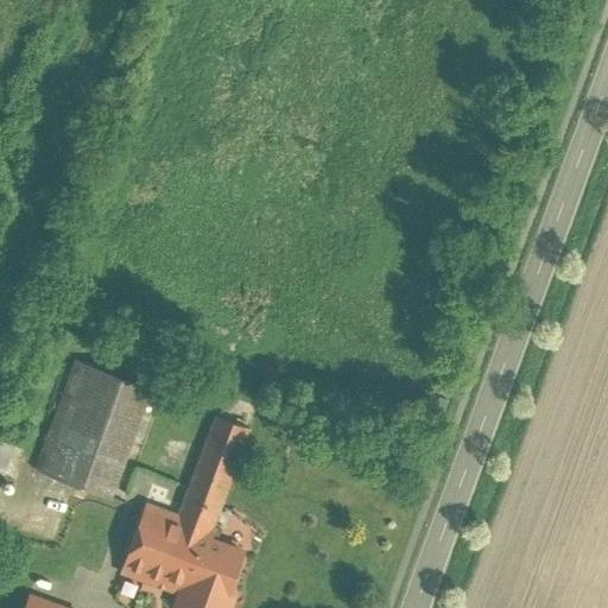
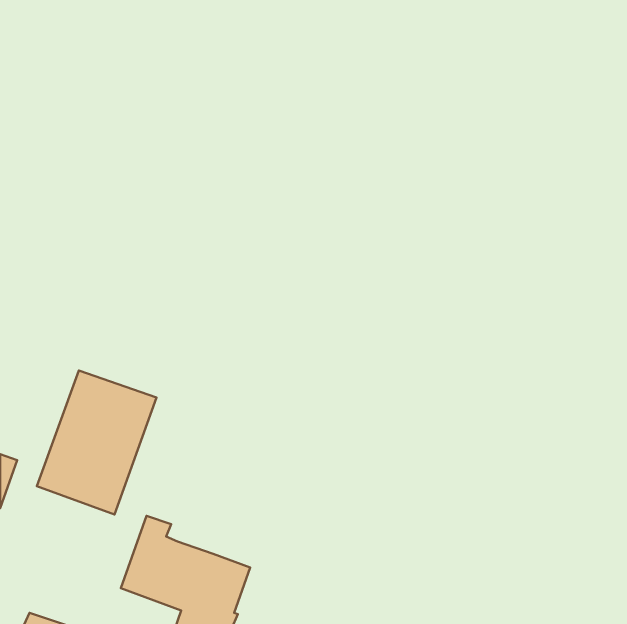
building: [173,418,247,539] -> none

